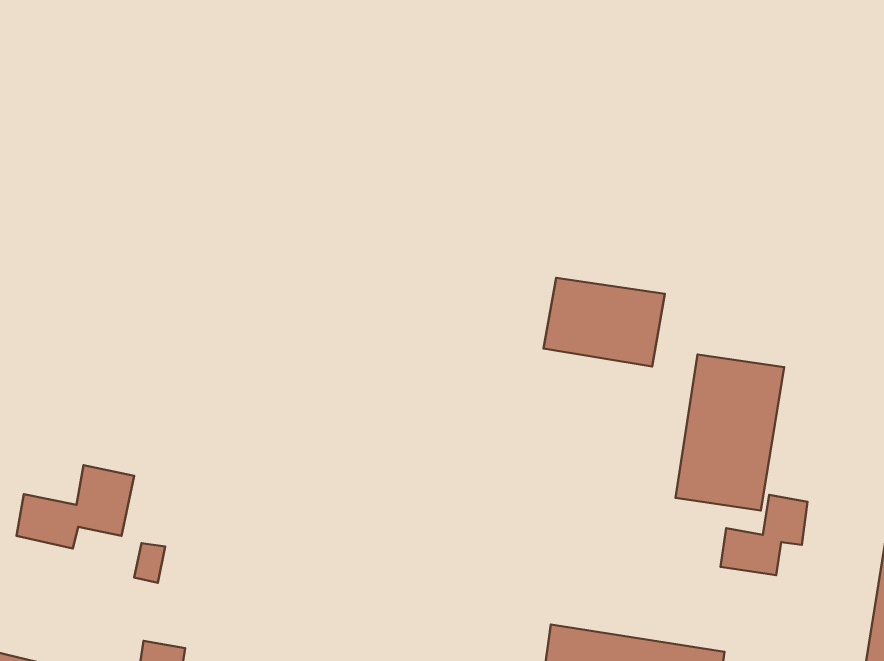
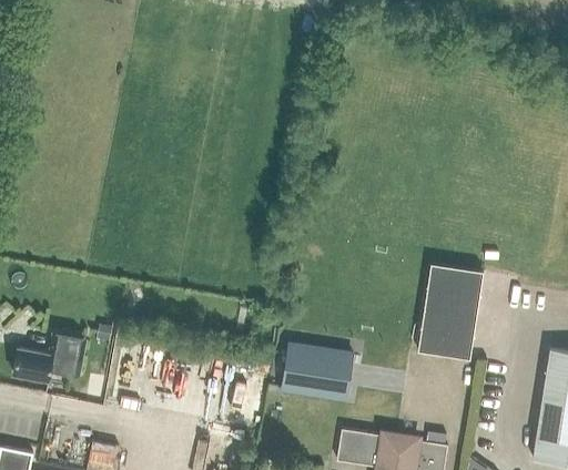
building: [544,278,665,366] -> [281,337,355,391]
building: [720,495,808,575] -> none

